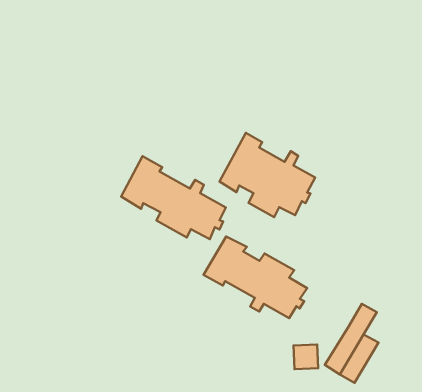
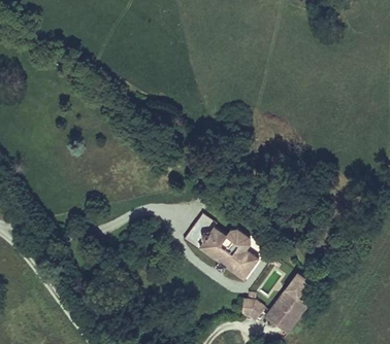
building: [220,133,315,217] -> none
building: [121,156,226,239] -> none

